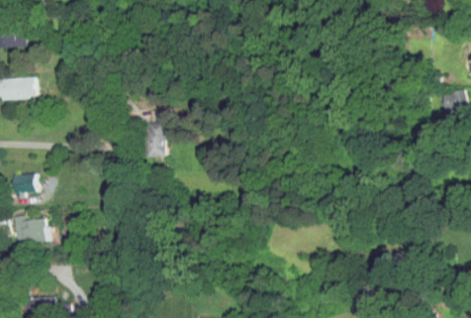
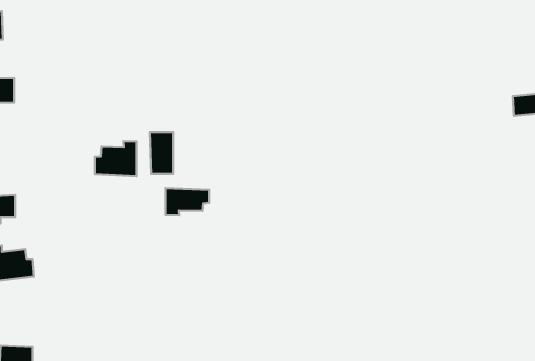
building: none -> [95,141,136,176]
building: none -> [166,188,209,215]

